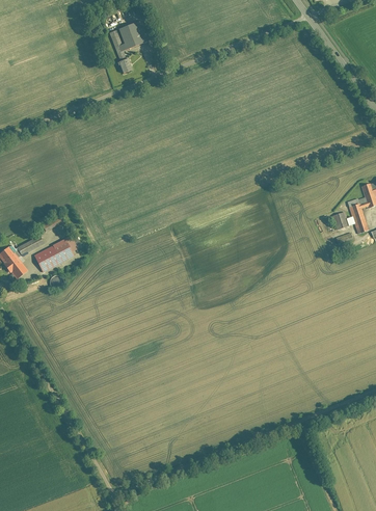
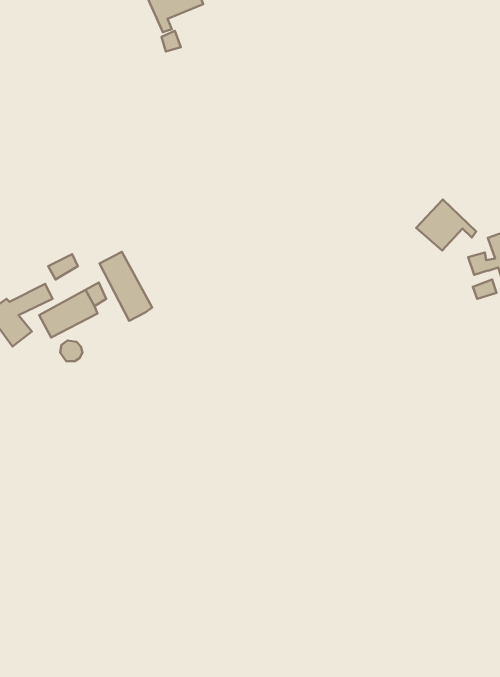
building: none -> [416,200,476,251]
building: none -> [99,252,152,321]

